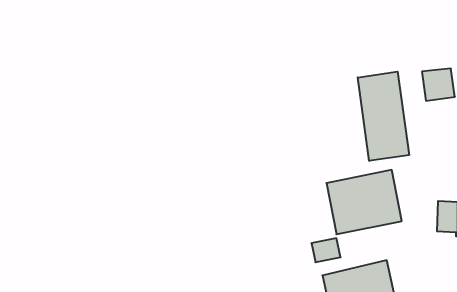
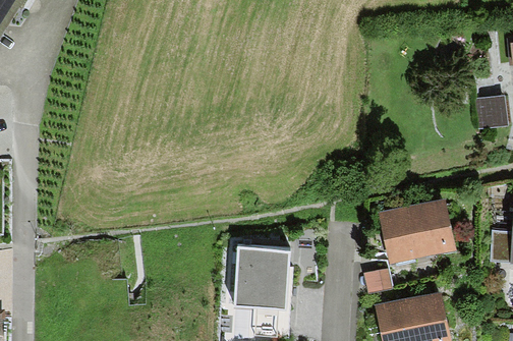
building: [358,72,409,161] -> none
building: none -> [231,245,285,305]

